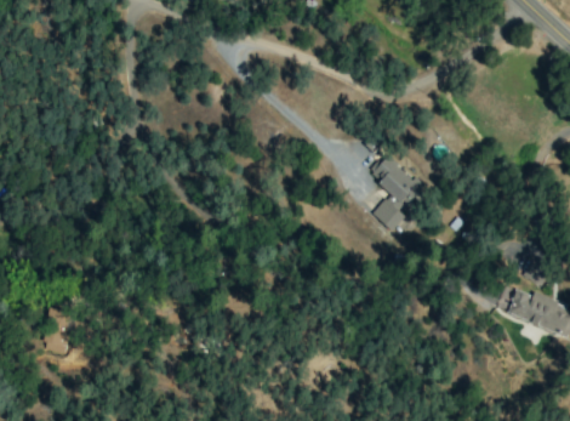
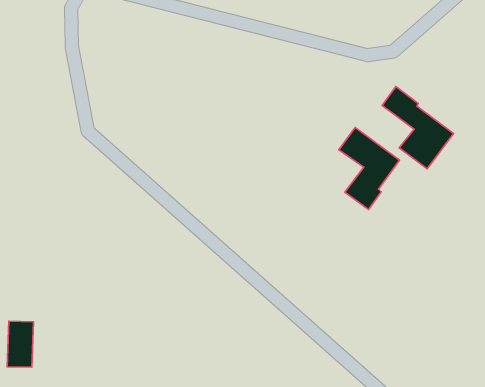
building: none -> [382,87,453,169]

